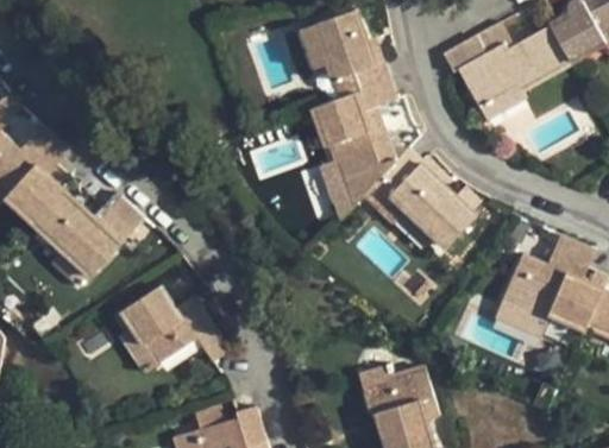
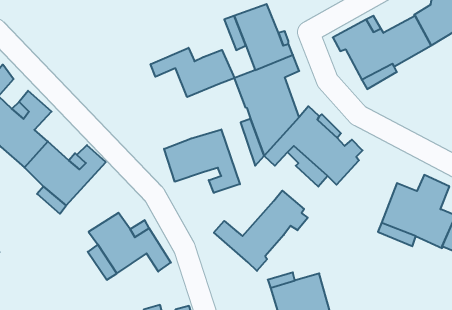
building: none -> [151,48,234,97]
building: none -> [164,129,240,193]
building: none -> [214,191,308,271]

